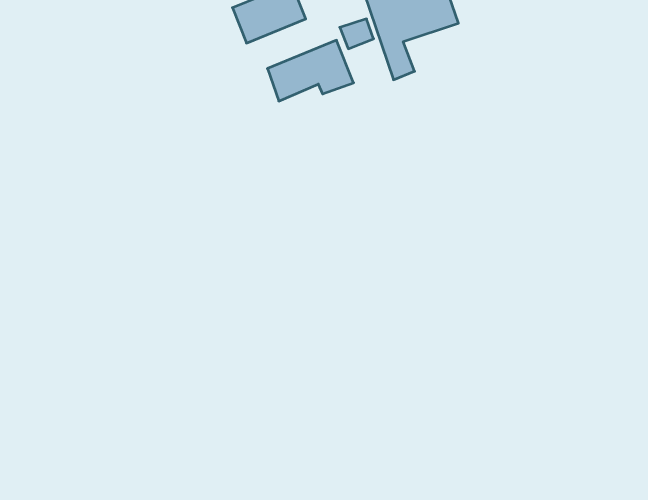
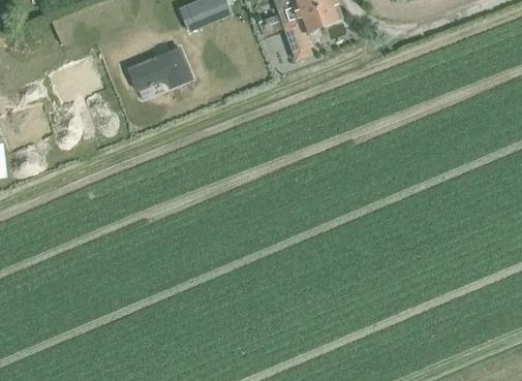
building: [267,40,354,101] -> [129,47,192,92]

